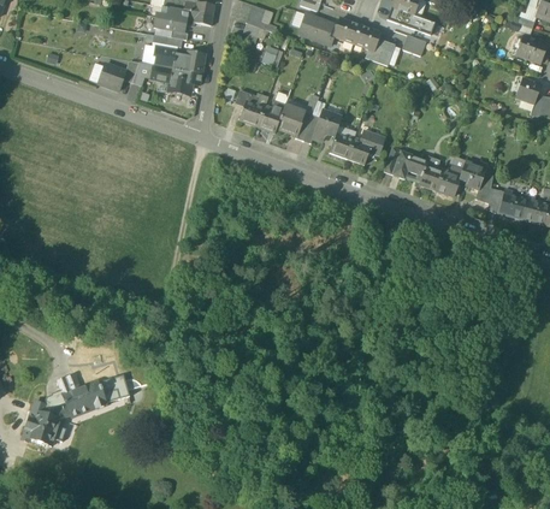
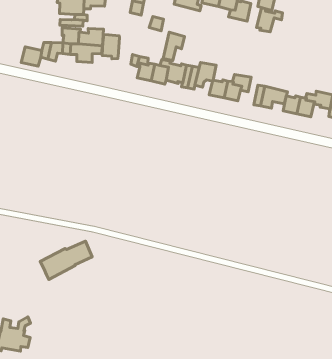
building: none -> [257,8,282,32]
building: none -> [102,35,120,59]
building: none -> [163,32,185,60]
building: [63,374,129,416] -> [40,241,92,279]

